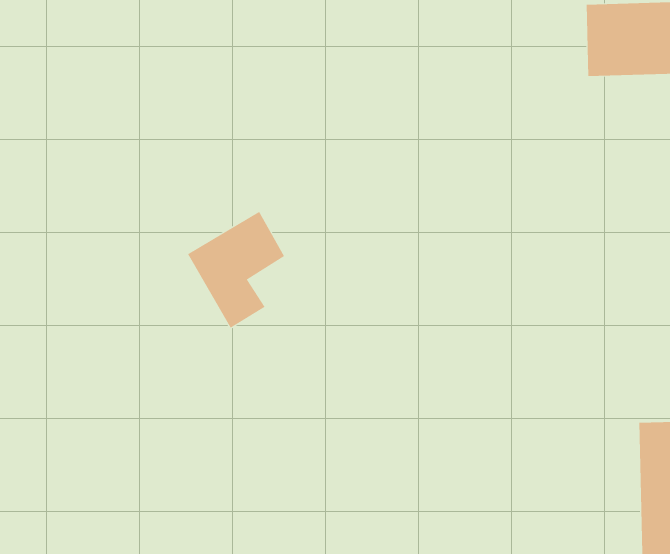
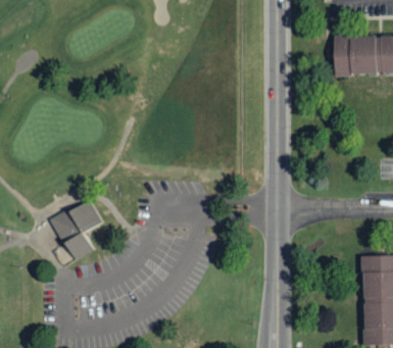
building: [187,211,285,328] -> [54,199,105,260]

